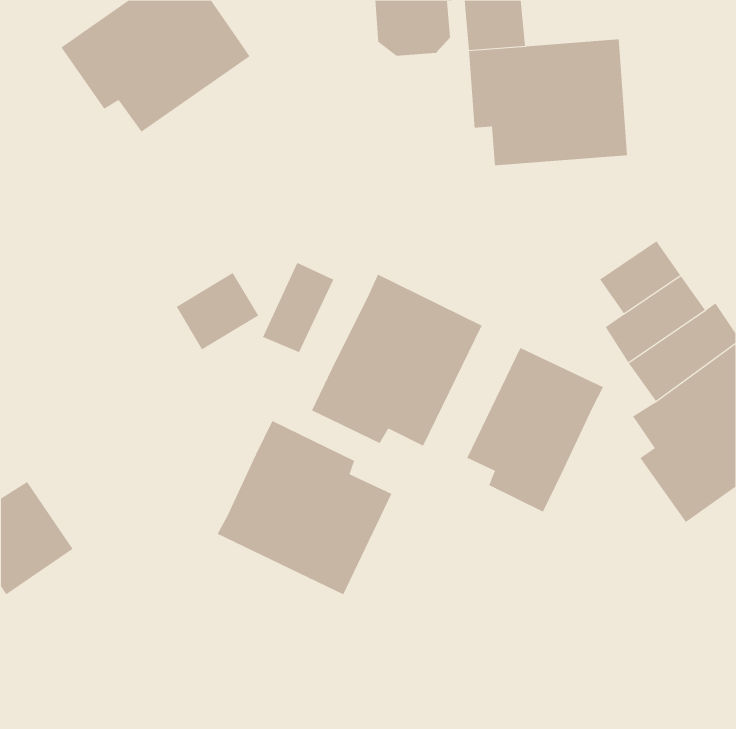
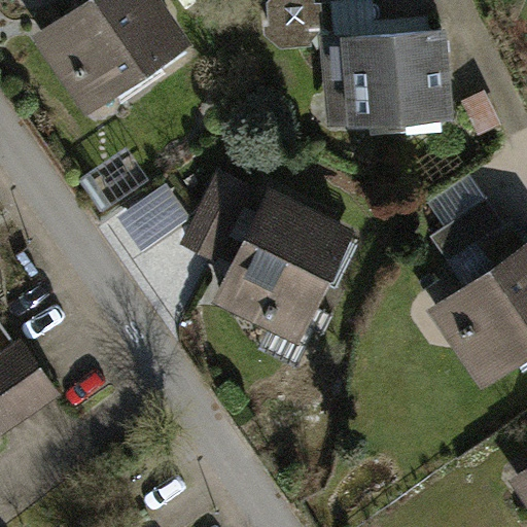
building: [466,347,604,512] -> none
building: [217,420,392,595] -> none

